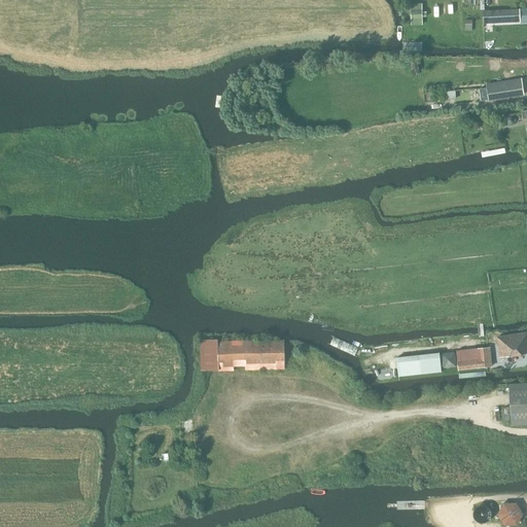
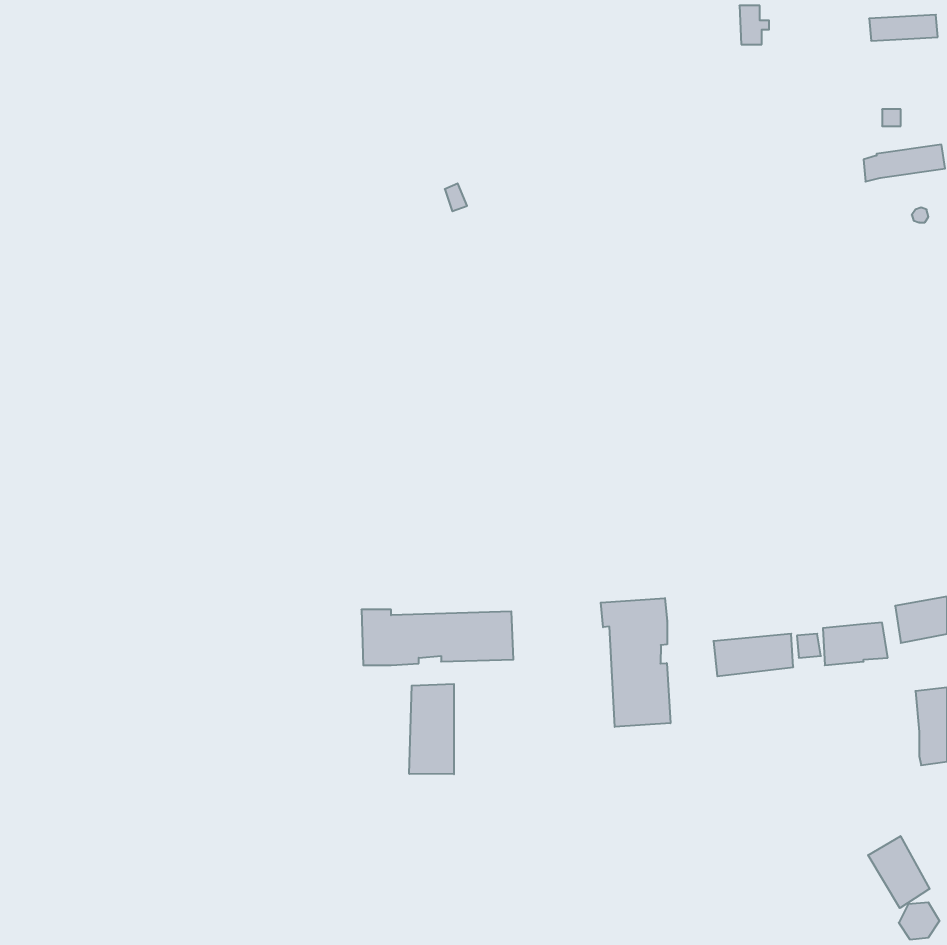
building: none -> [601,598,670,727]
building: none -> [409,684,454,774]
building: none -> [868,836,930,908]

